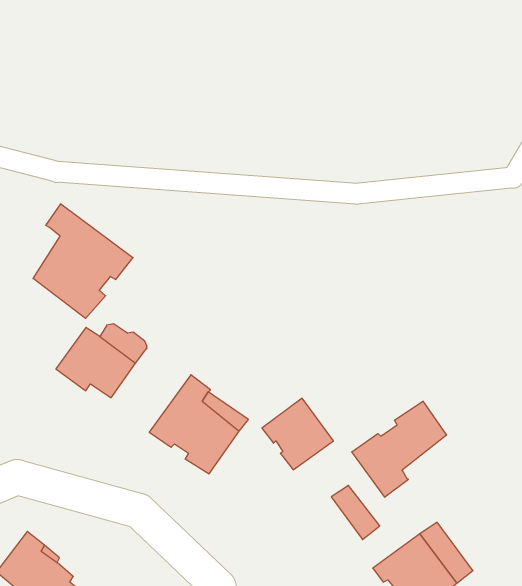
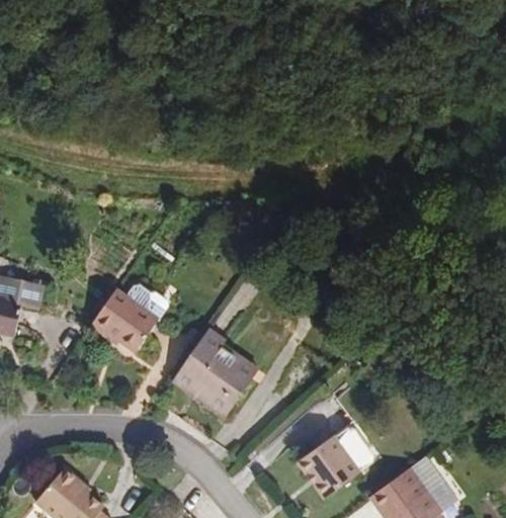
building: [33,204,133,318] -> none
building: [262,398,333,470] -> [294,437,357,500]
building: [352,401,447,497] -> none

